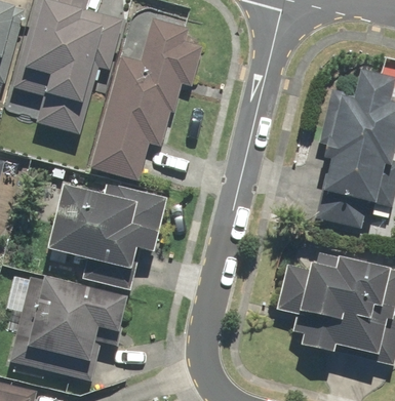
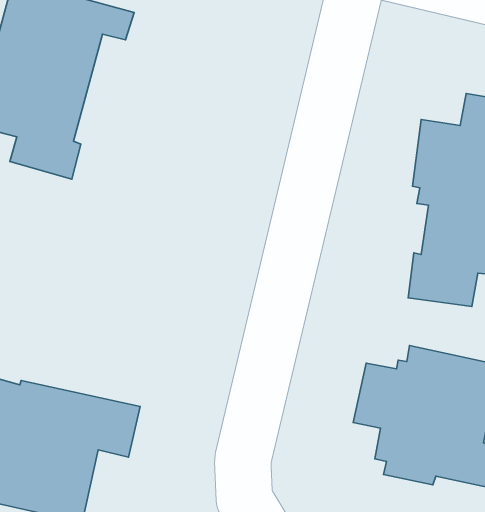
building: [91,13,203,179] -> none
building: [49,184,166,289] -> none

